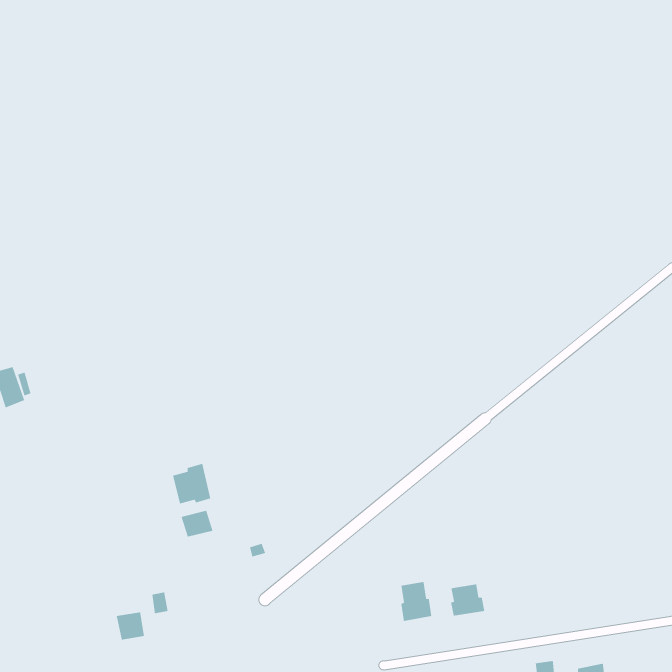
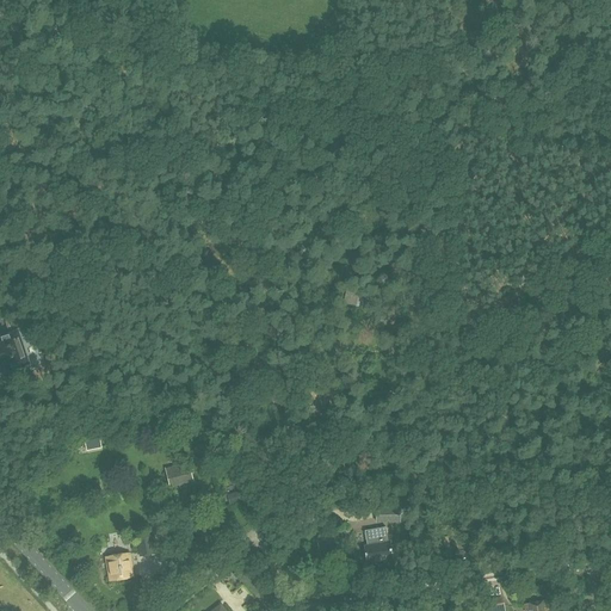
building: [172,463,211,504] -> none
building: [450,583,485,616] -> none

